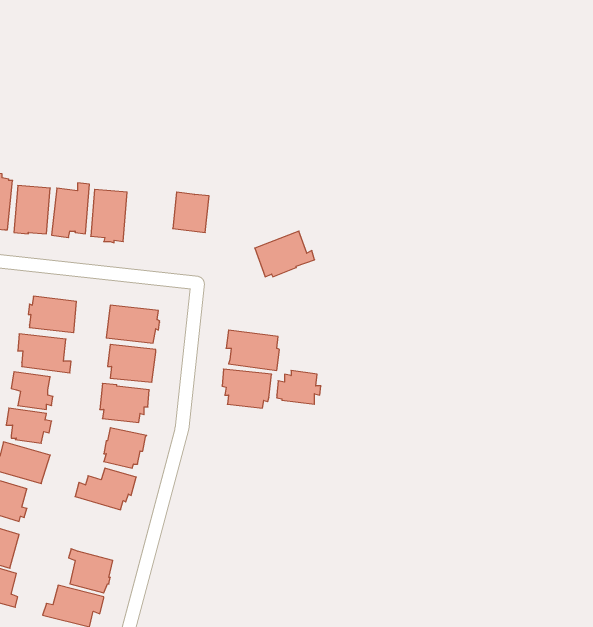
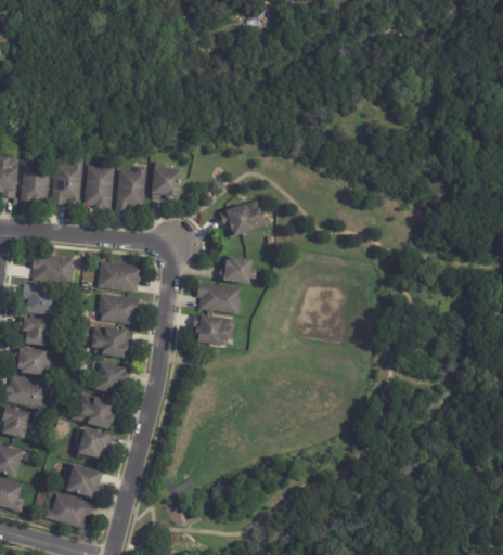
building: none -> [115,165,146,210]
building: [277,370,321,404] -> [219,256,256,284]
building: none -> [73,427,113,460]

